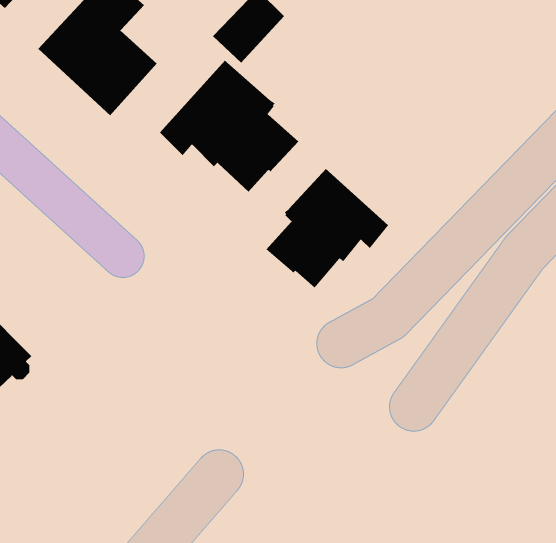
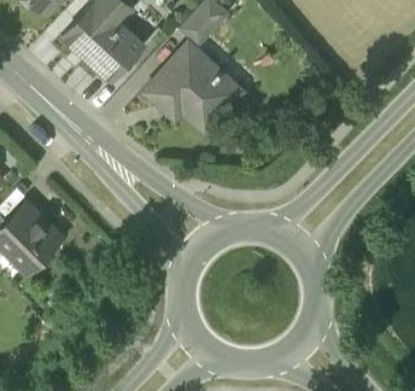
building: [266,168,389,289] -> none

